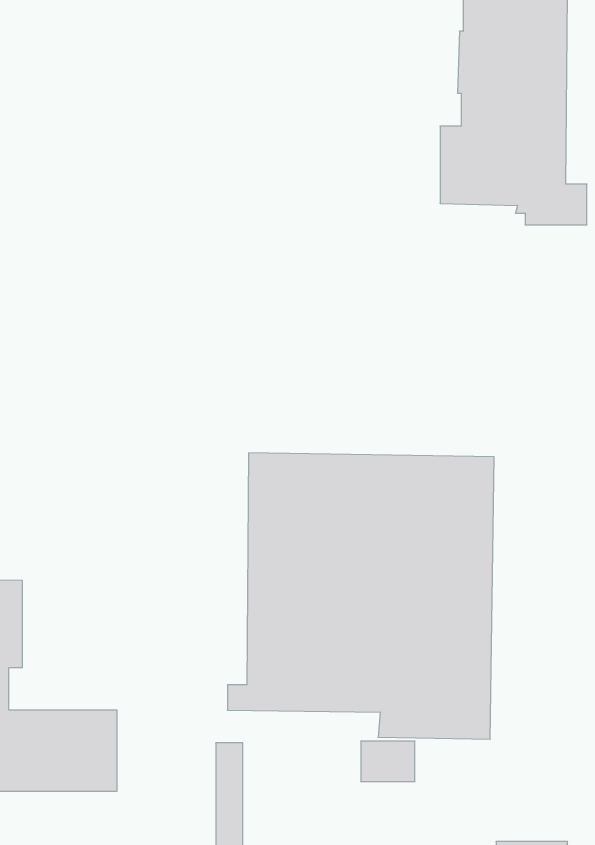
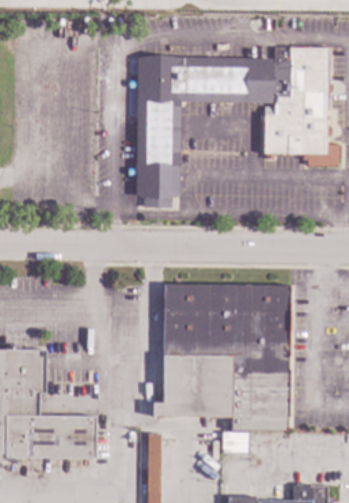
building: none -> [135,58,272,209]

